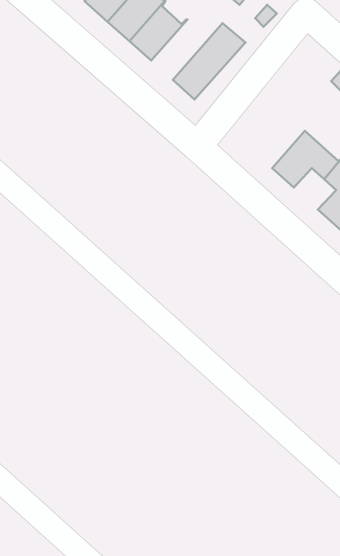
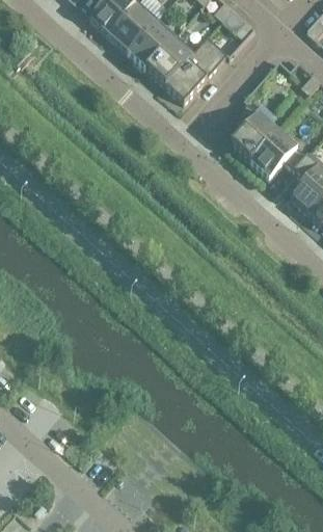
building: none -> [145,33,207,85]
building: none -> [230,102,277,161]

